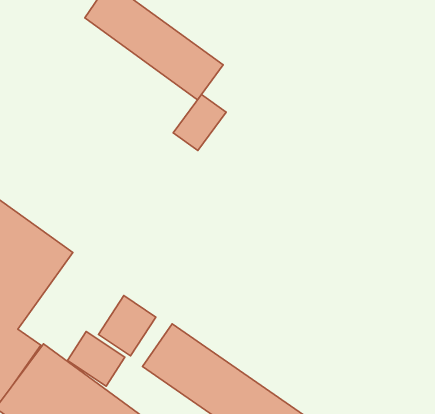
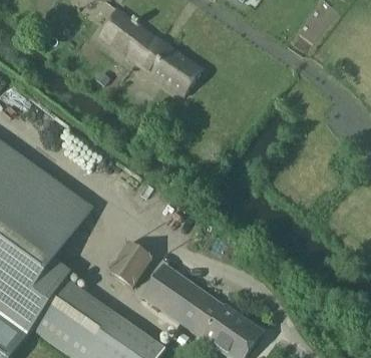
building: [173,95,226,151] -> none
building: [68,332,125,386] -> none

